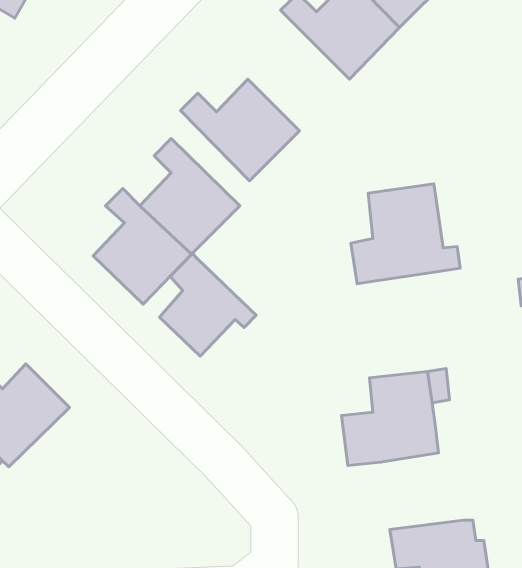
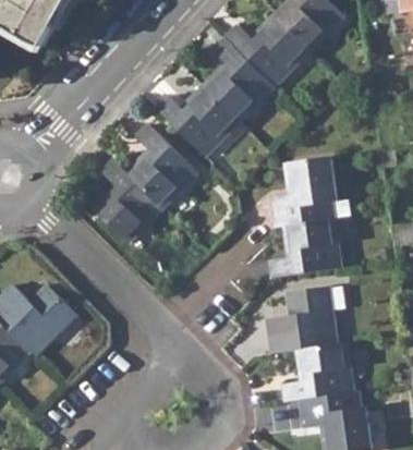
building: none -> [202,37,272,121]
building: [159,253,256,356] -> none
building: none -> [271,219,341,277]
building: none -> [283,344,352,401]

